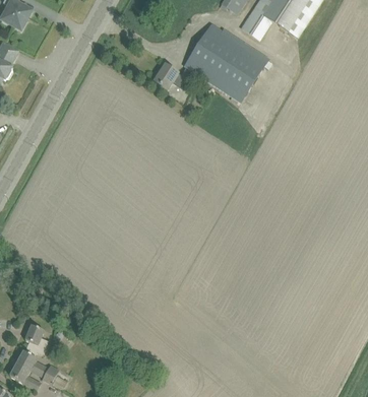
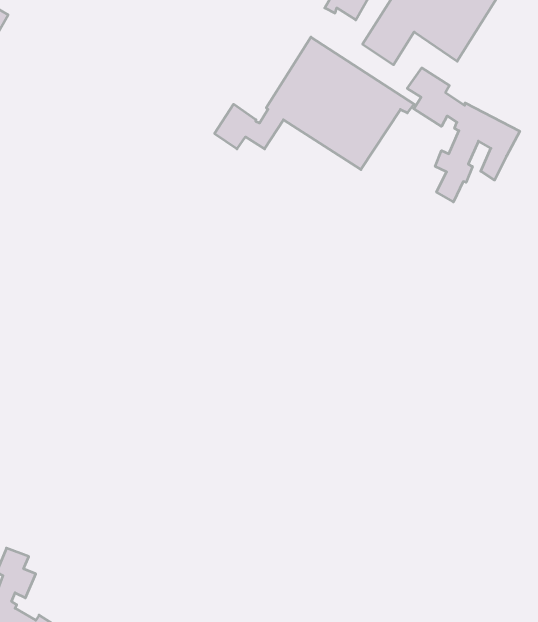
building: none -> [407,68,520,202]

